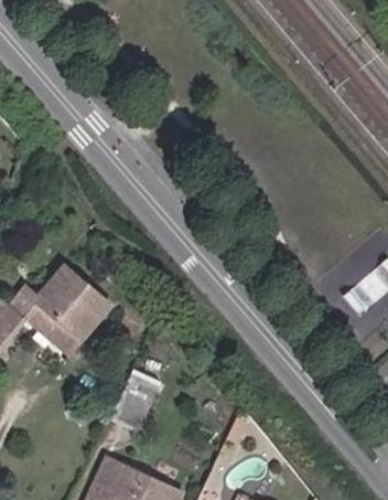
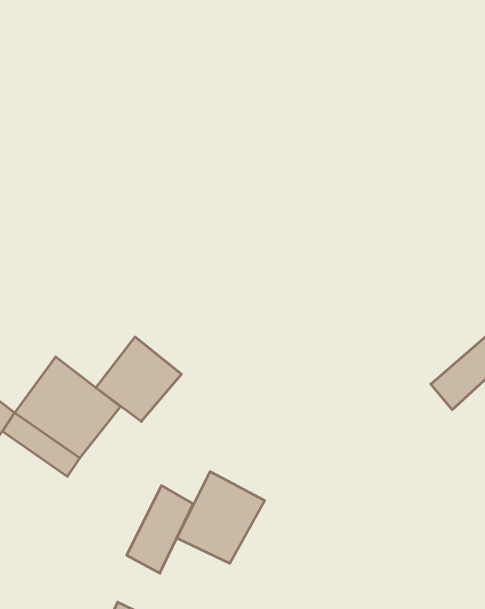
building: none -> [96,337,181,422]
building: none -> [177,472,265,563]

